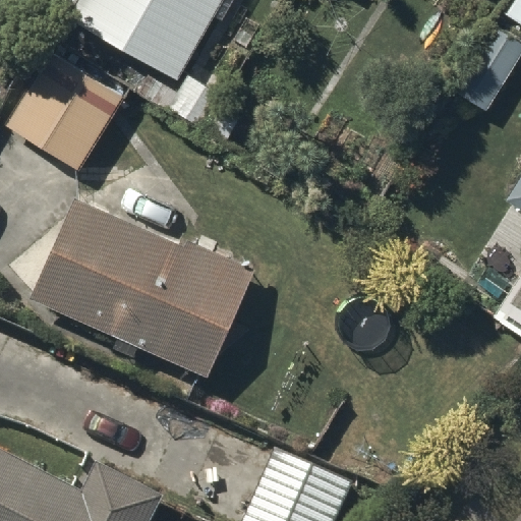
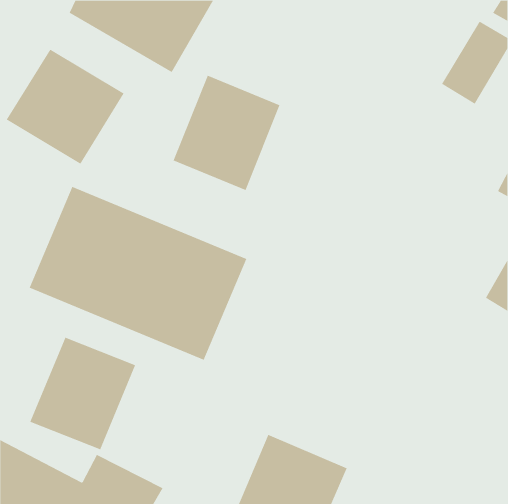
building: none -> [173,75,280,191]
building: none -> [30,337,136,450]

